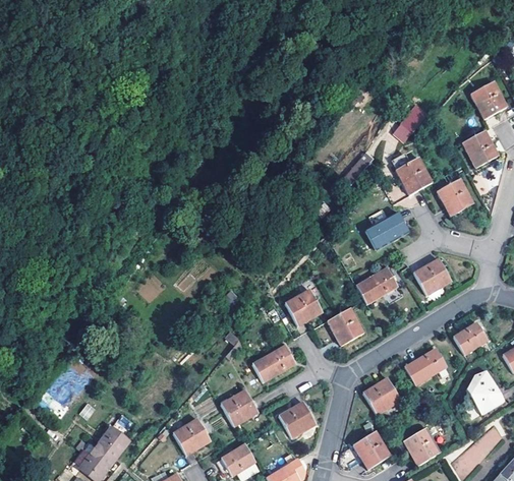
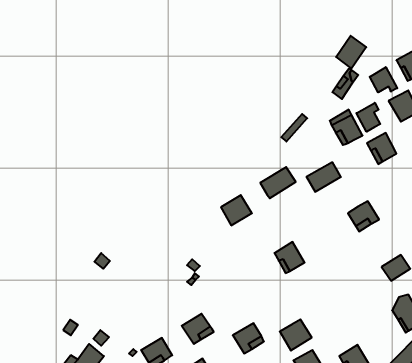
building: none -> [336,36,366,68]
building: none -> [370,67,397,92]
building: none -> [356,103,380,132]
building: [356,266,398,303] -> [260,167,296,198]
building: [286,291,323,326] -> [221,195,252,225]
building: [251,347,295,383] -> none
building: [406,348,449,384] -> none
building: [363,377,401,414] -> [280,319,312,351]

